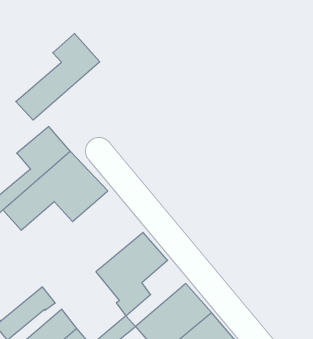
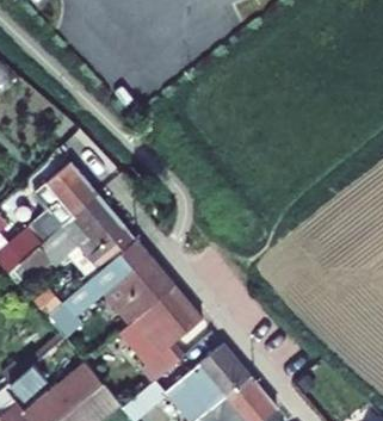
building: [16,33,100,120] -> none
building: none -> [38,236,172,339]

